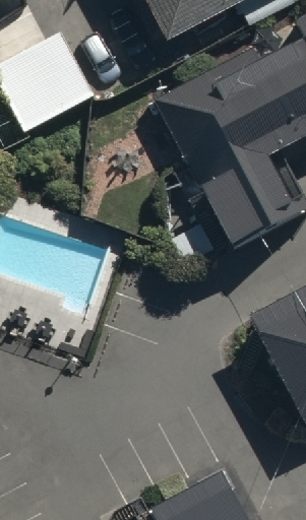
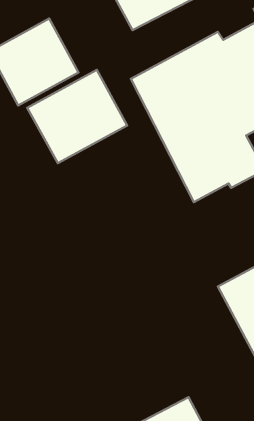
building: none -> [27,70,127,163]

